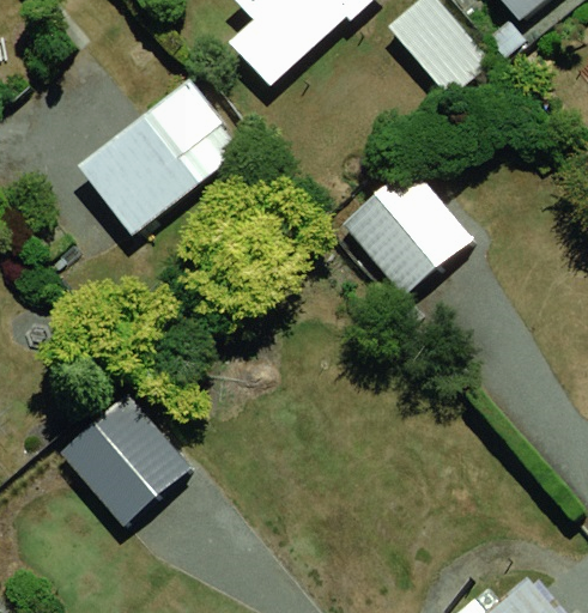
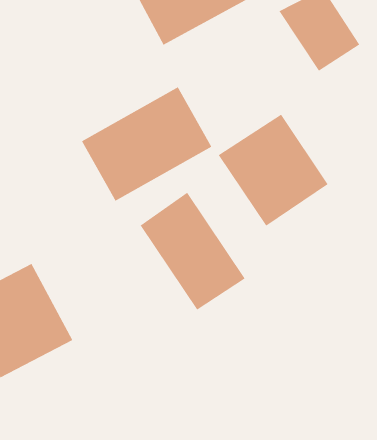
building: [84,79,244,231] -> [81,87,212,202]
building: none -> [140,192,245,311]

